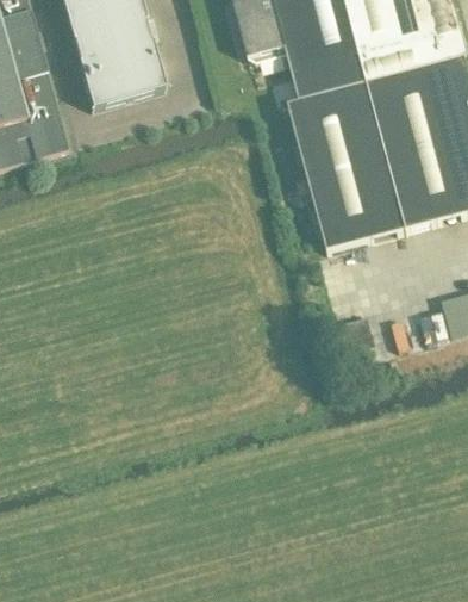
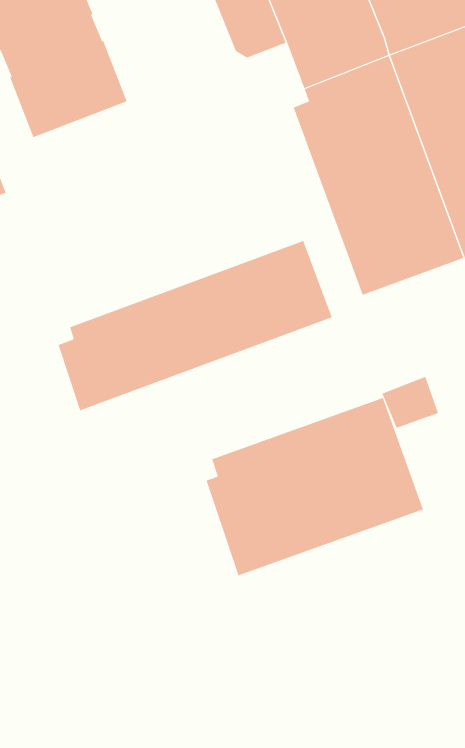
building: none -> [58,240,335,411]
building: none -> [206,397,425,576]

